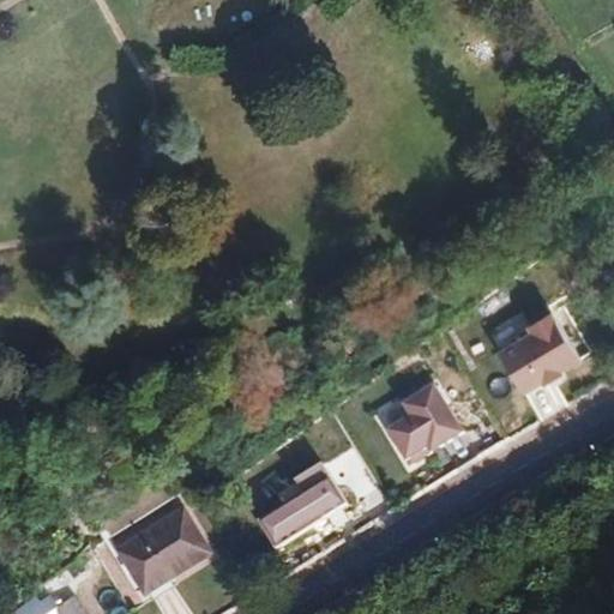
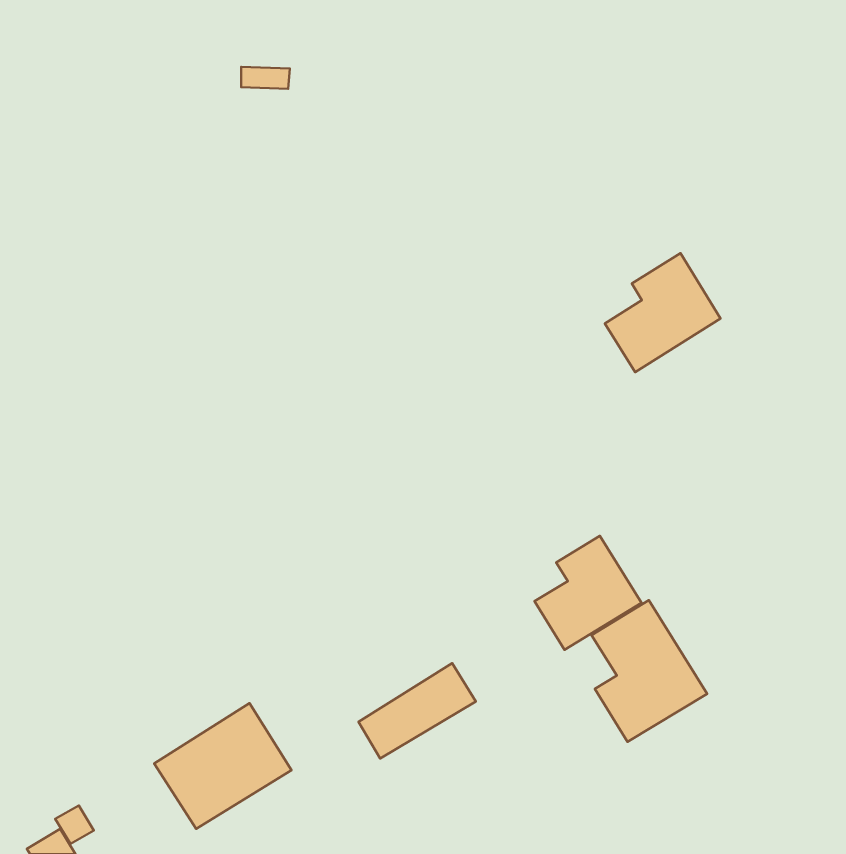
building: [500,303,583,389] -> [605,253,721,372]
building: none -> [591,600,707,742]

